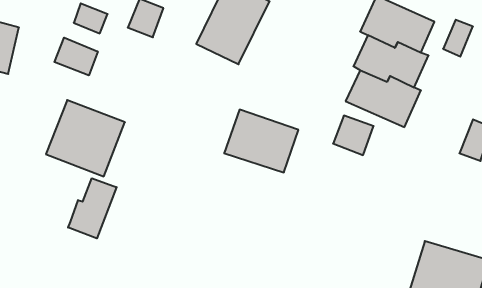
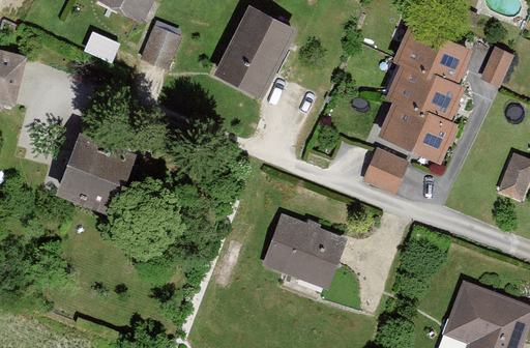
building: [54,38,98,75] -> none
building: [224,110,298,172] -> [263,219,343,286]
building: [68,178,117,238] -> none

